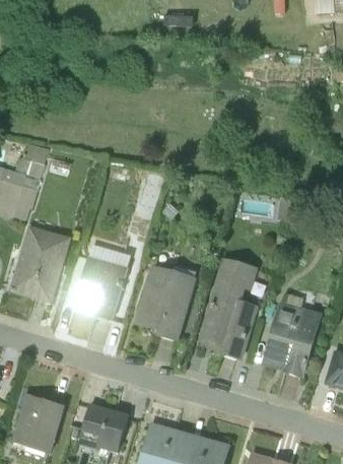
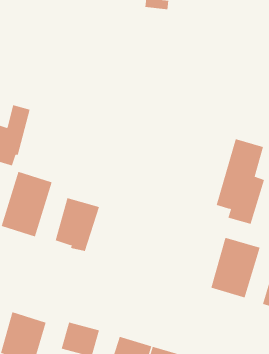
building: [199,257,258,360] -> [216,138,265,225]
building: [133,264,195,340] -> none

